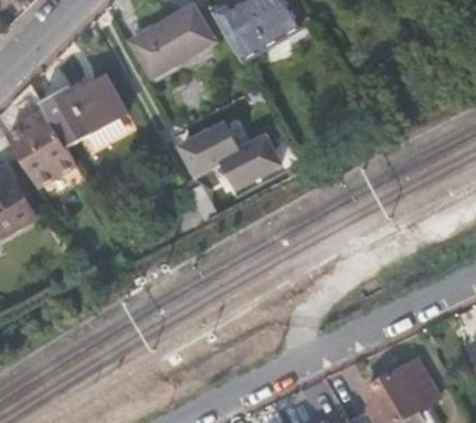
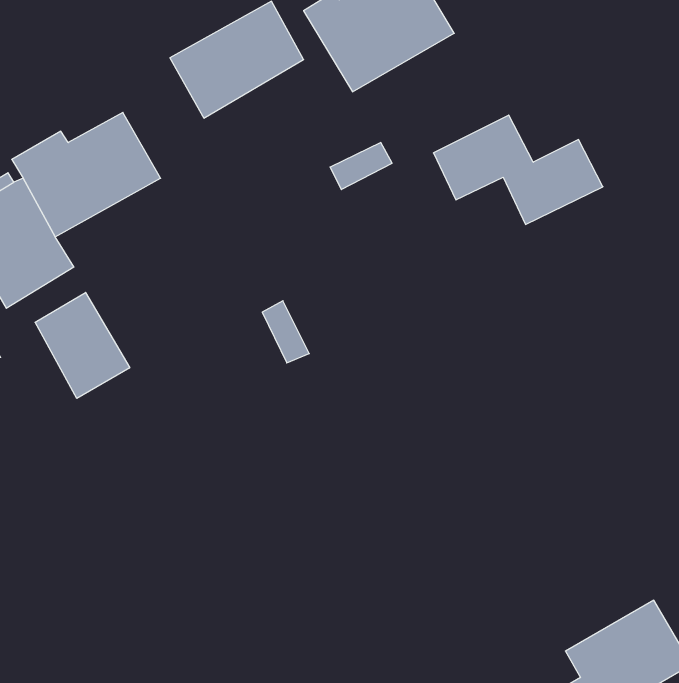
building: [180,124,279,188] -> [433,115,603,224]
building: none -> [35,292,130,398]

